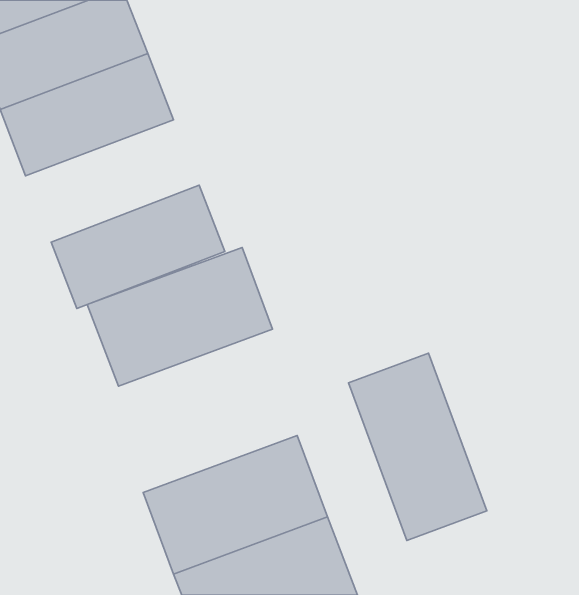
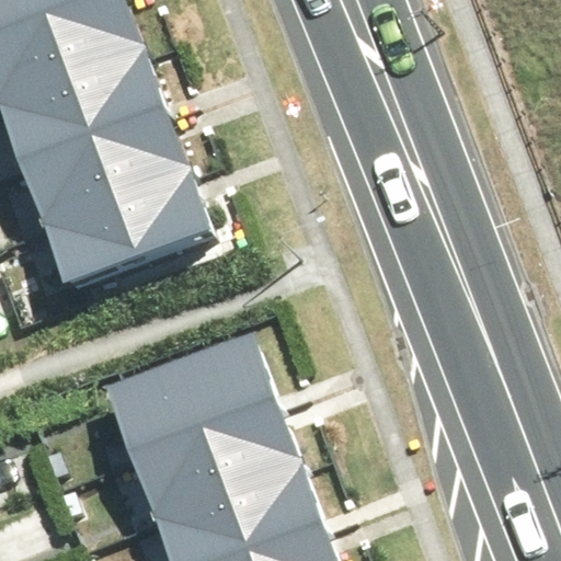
building: none -> [24,113,187,228]
building: [87,248,272,386] -> [105,333,279,463]
building: [349,353,487,540] -> none

